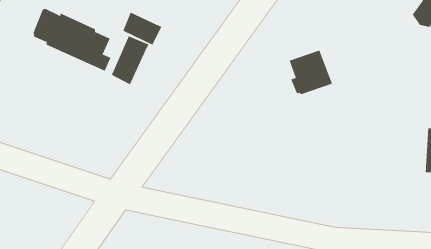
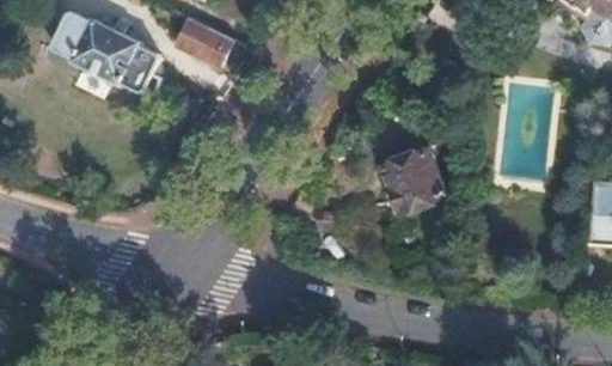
building: [111,36,149,85] -> none
building: [289,50,333,95] -> [385,151,446,213]

